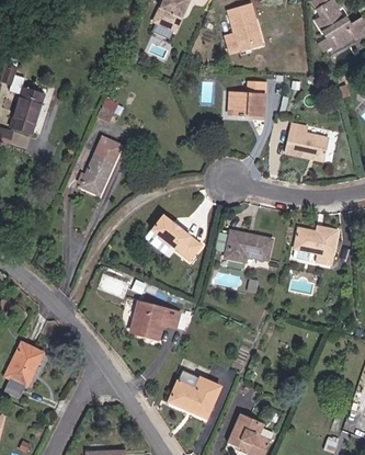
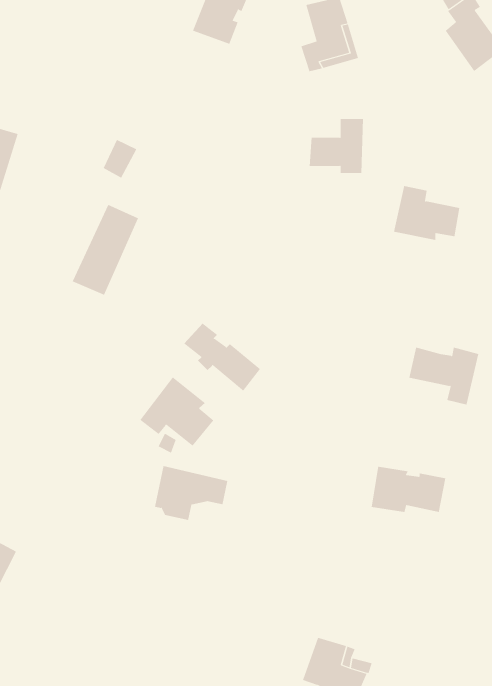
building: [224,230,272,260] -> [371,466,446,512]
building: none -> [140,377,214,447]
building: [171,371,219,416] -> none

